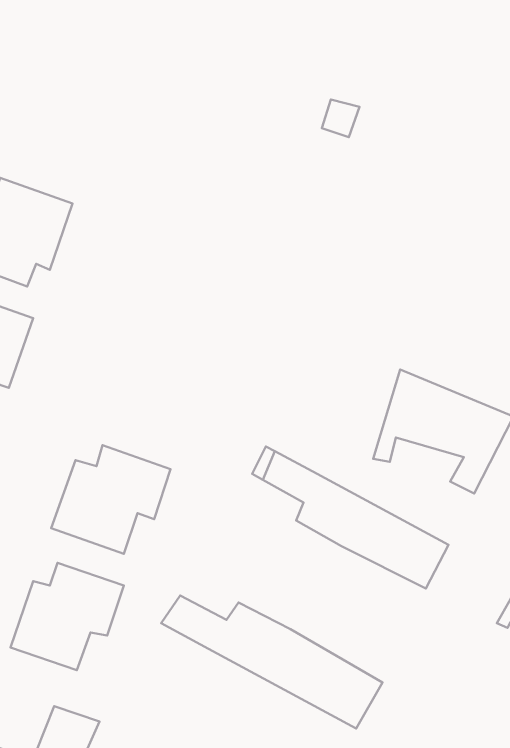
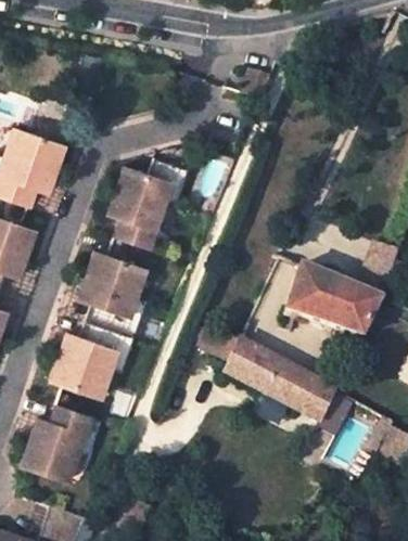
building: none -> [107,159,190,247]
building: none -> [78,250,149,337]
building: [161,595,382,729] -> none

